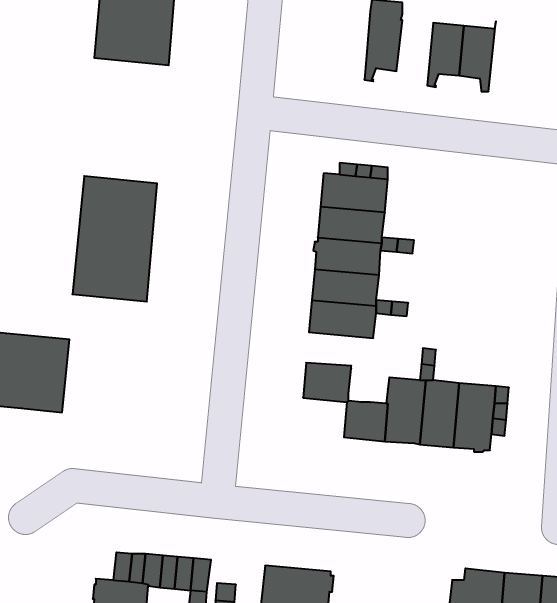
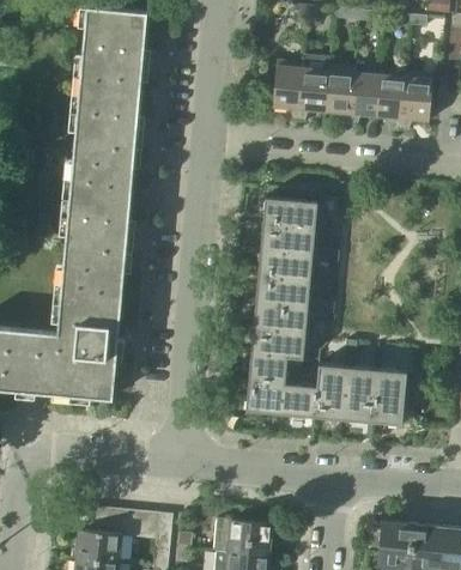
building: none -> [274,61,304,120]
building: none -> [326,66,356,125]
building: none -> [401,72,433,131]
building: none -> [69,102,139,205]
building: none -> [51,296,121,399]
building: none -> [251,327,307,358]
building: none -> [244,381,285,413]

